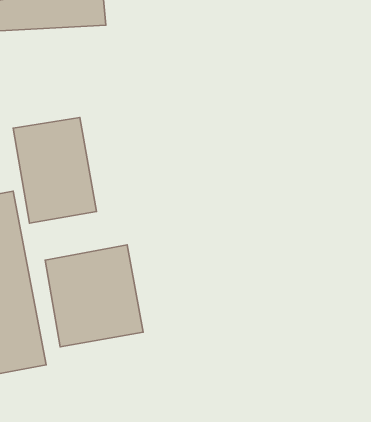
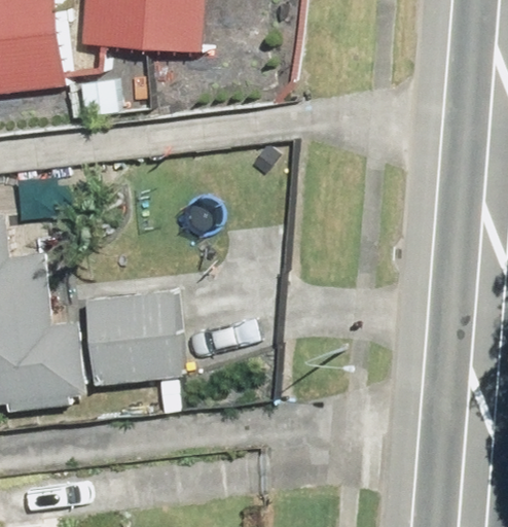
building: [13,117,96,223] -> none

